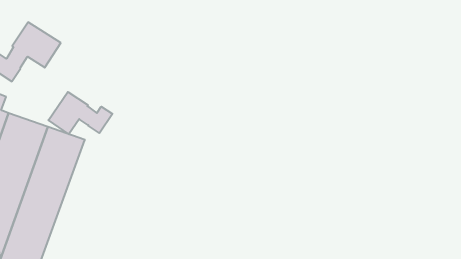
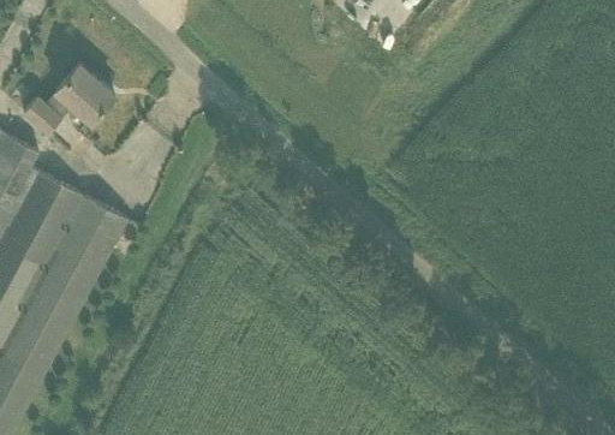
building: [48,92,112,134] -> none

